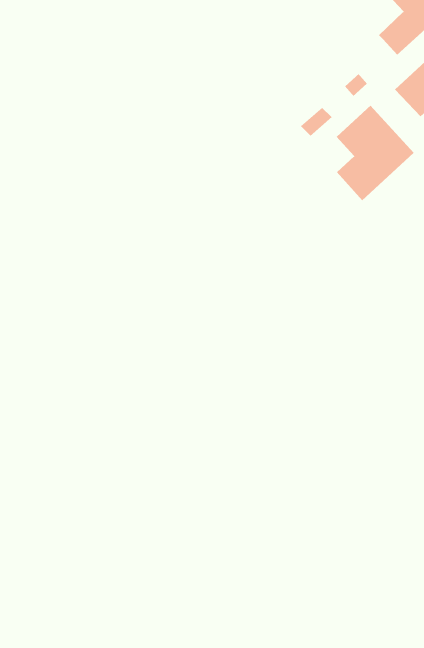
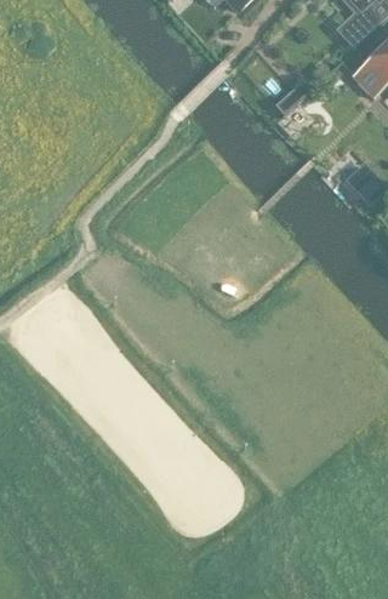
building: [336,105,414,201] -> none

